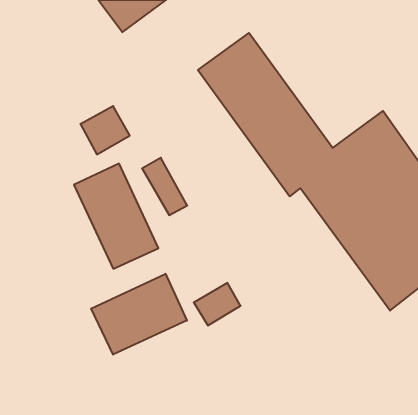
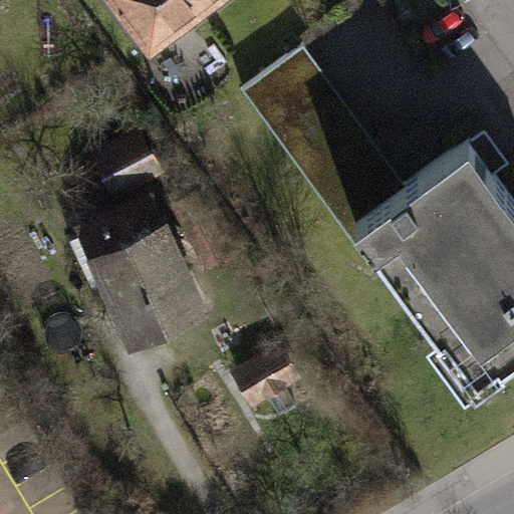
building: [91,274,187,355] -> none

